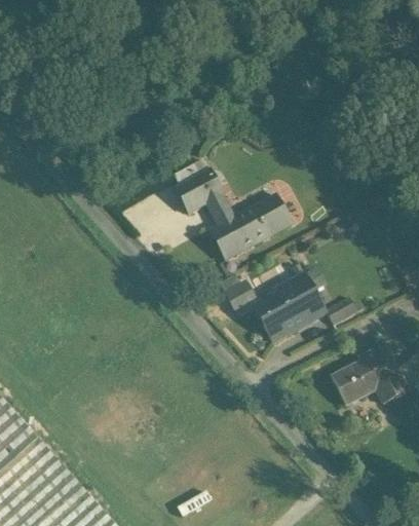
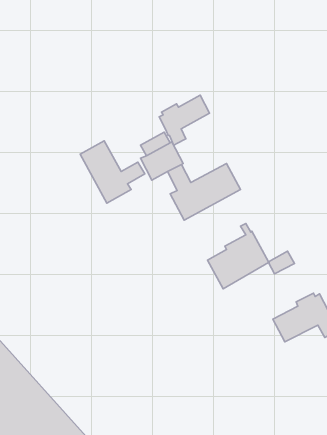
building: none -> [159,95,209,145]
building: none -> [80,141,145,203]
building: [226,283,258,314] -> none

